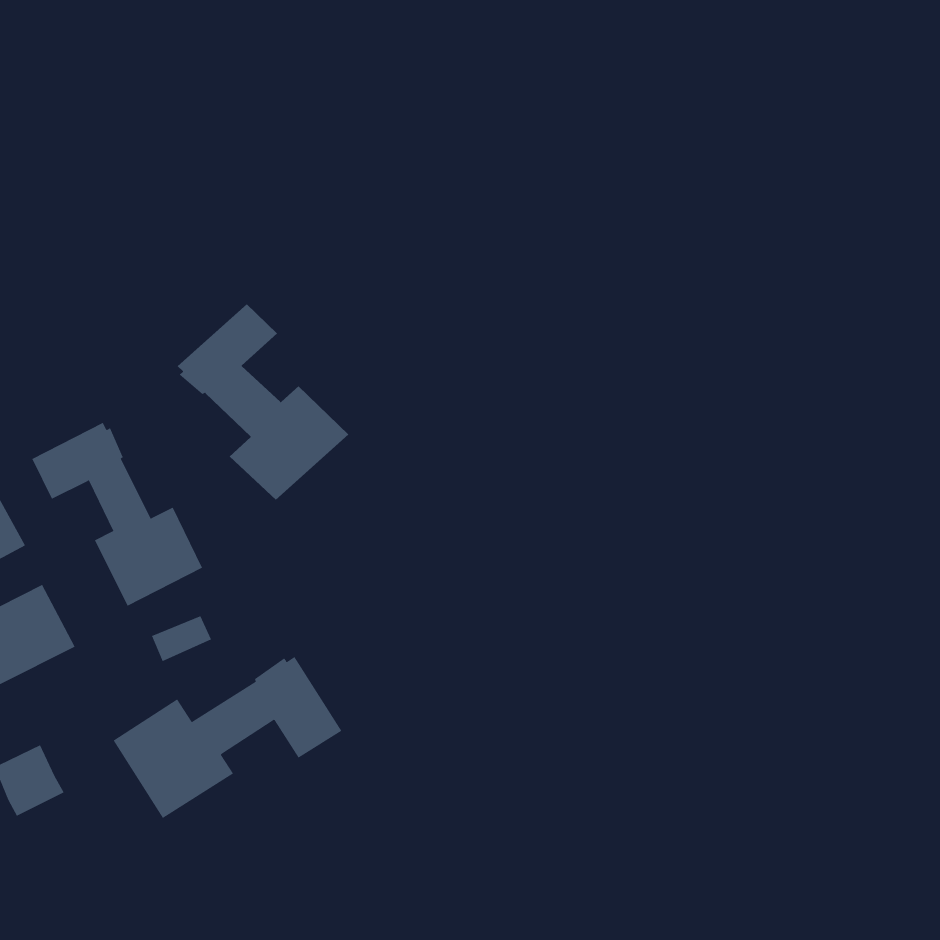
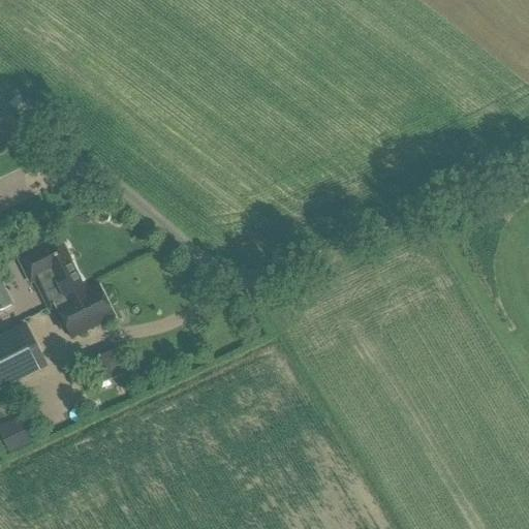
building: [177,303,349,500] -> none
building: [113,656,342,819] -> none

